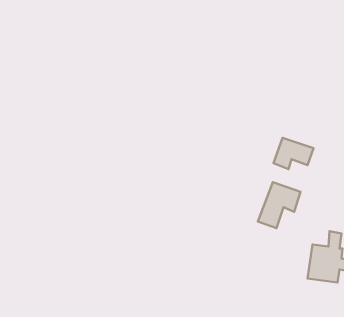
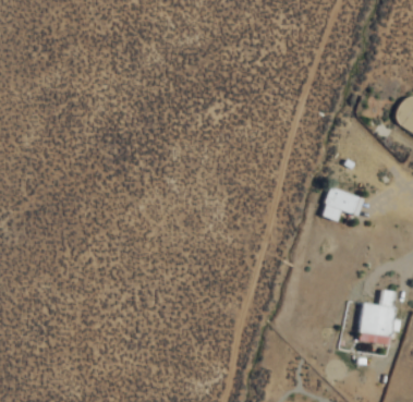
building: [258,182,300,228] -> none

